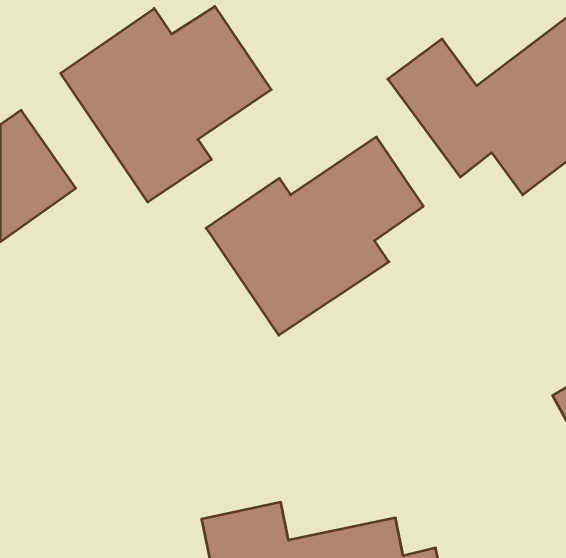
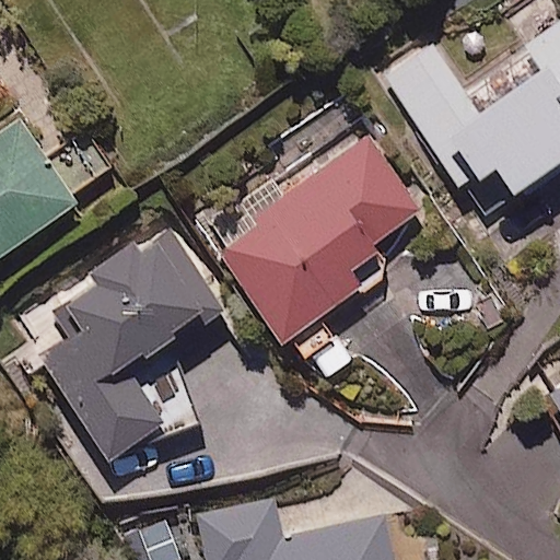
building: [61,6,271,202] -> none
building: none -> [23,230,212,454]

